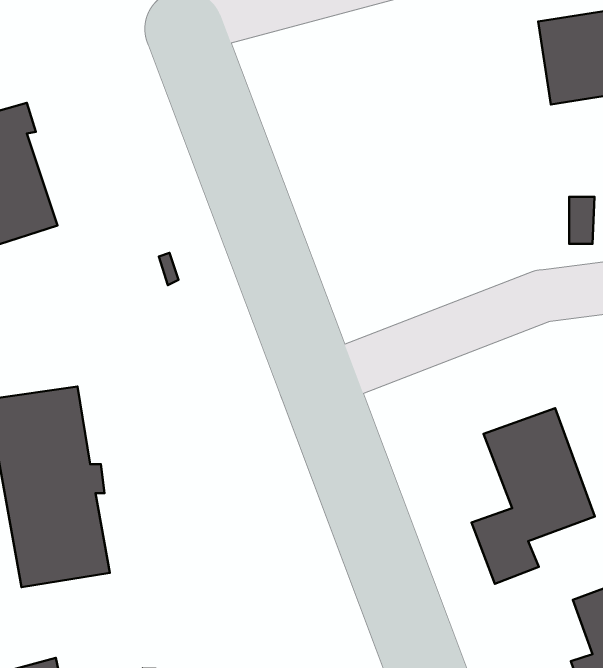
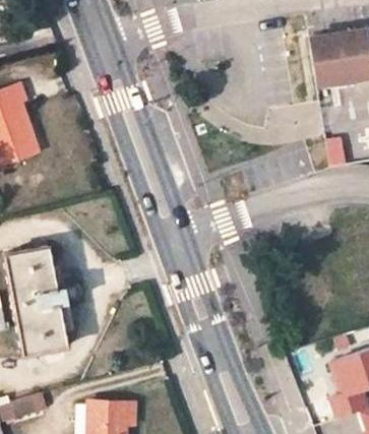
building: [472,408,595,584] -> none

